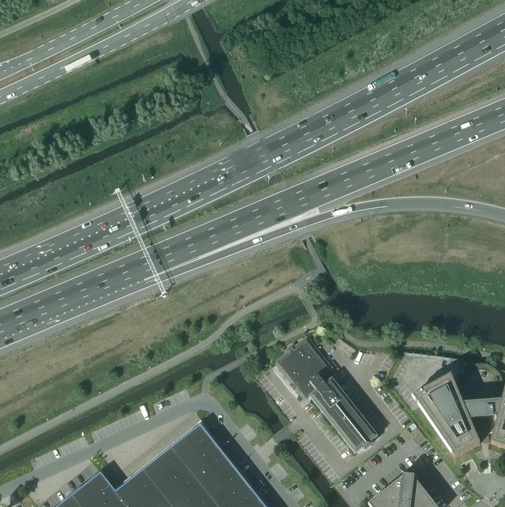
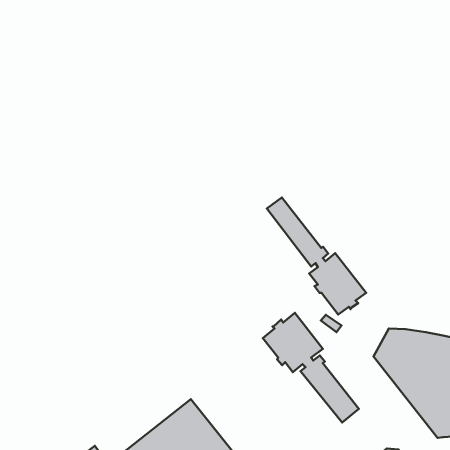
building: none -> [267,198,366,314]

